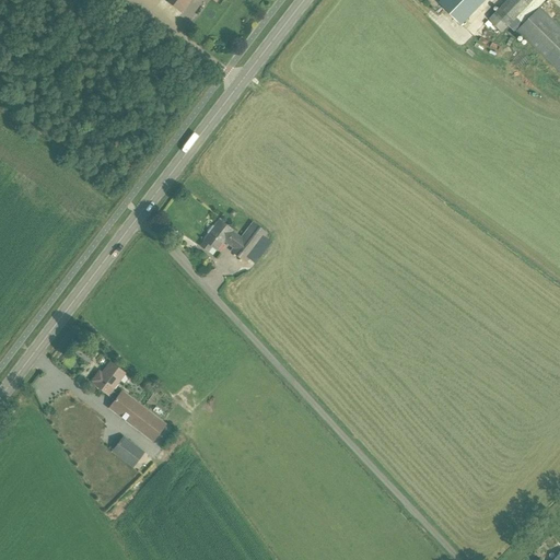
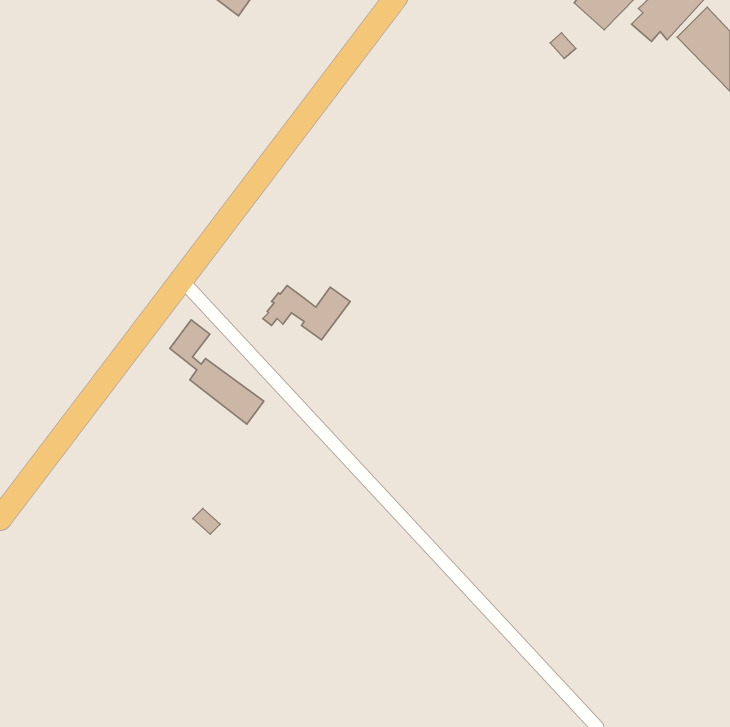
building: [94,360,166,440] -> [170,320,264,424]
building: [112,434,144,466] -> none

